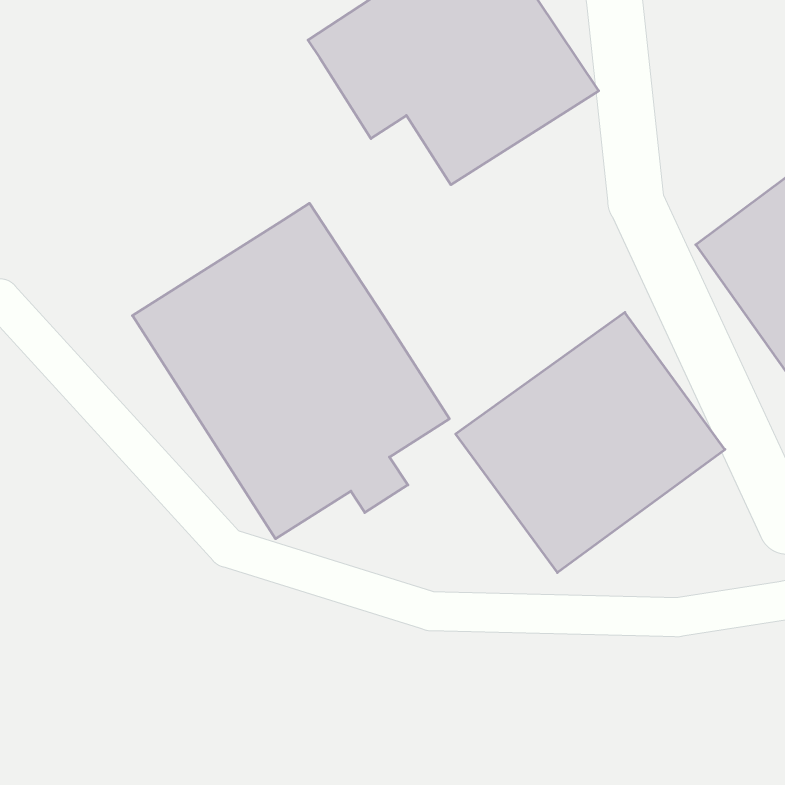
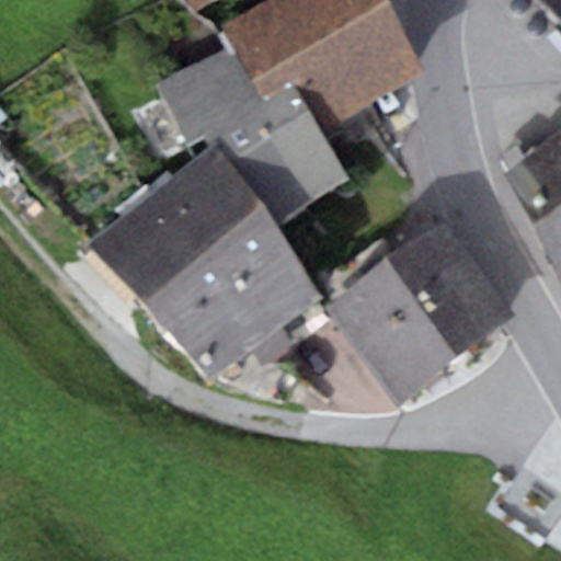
building: none -> [158,42,351,225]

